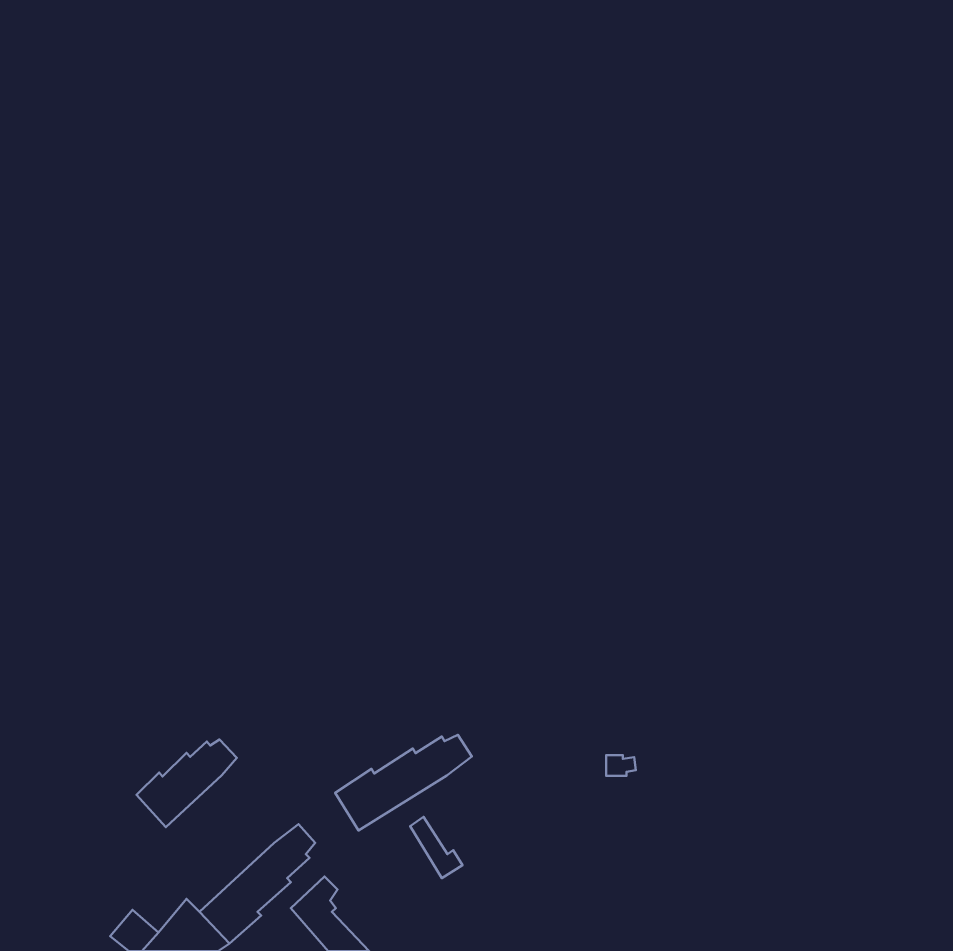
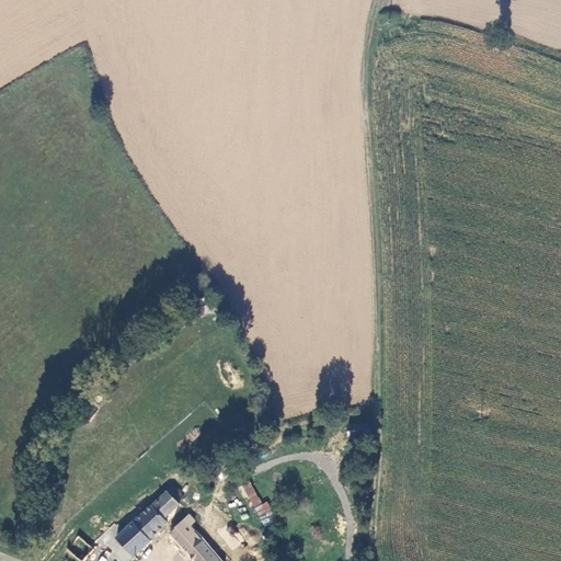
building: [335,735,472,831] -> none
building: [136,739,237,827] -> none

